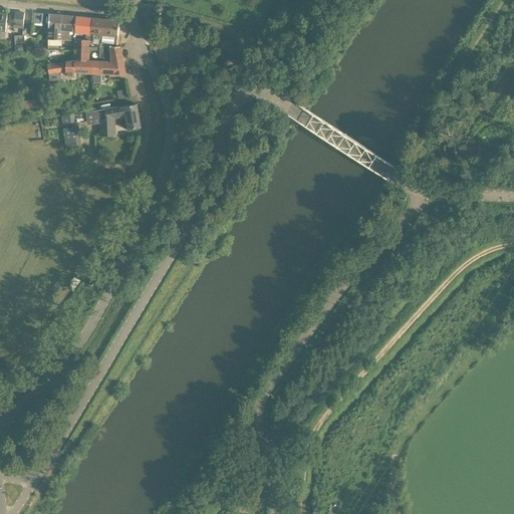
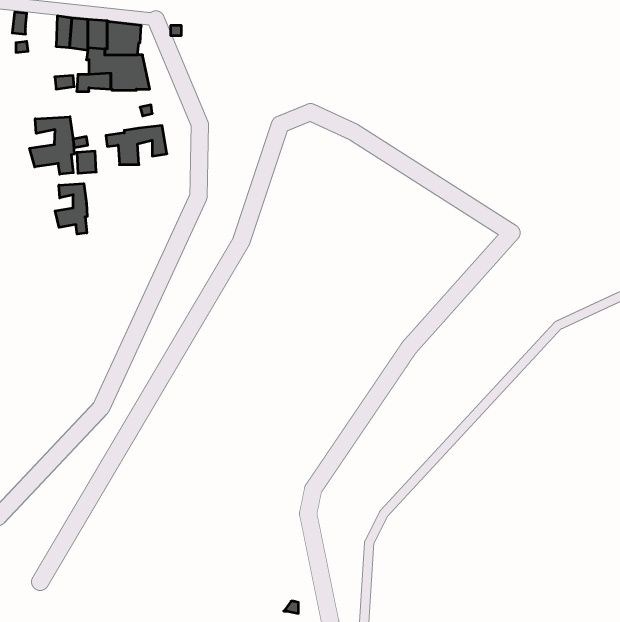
building: none -> [30,117,74,174]
building: none -> [55,184,87,234]

